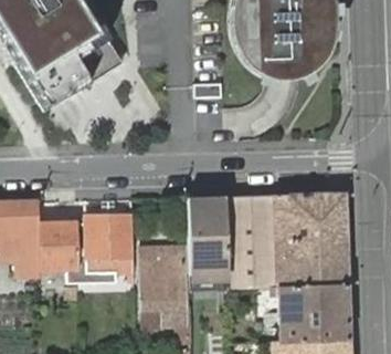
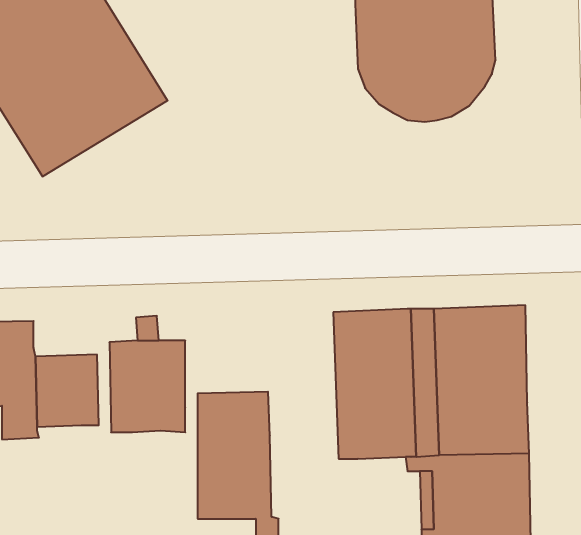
building: [188,197,230,292] -> none
building: [68,216,118,287] -> none

